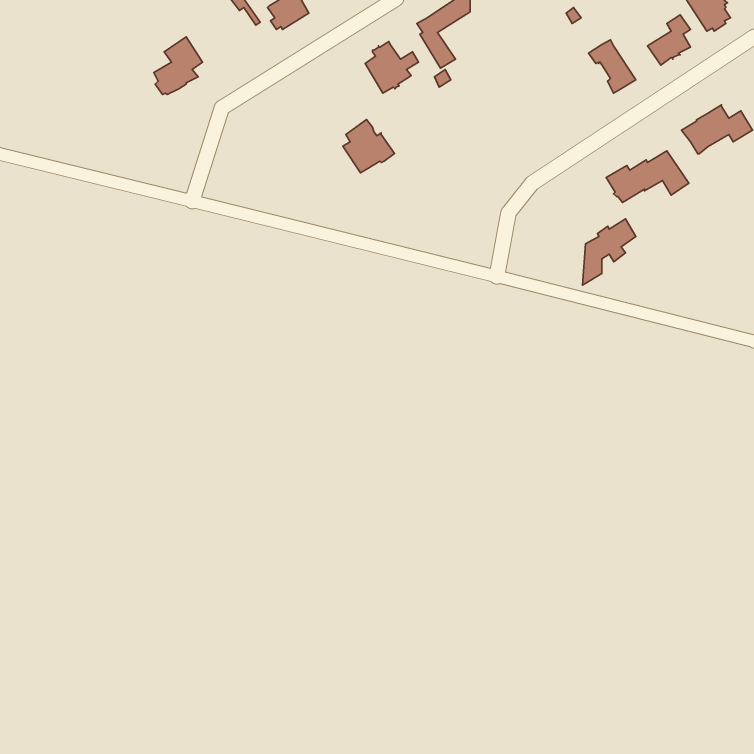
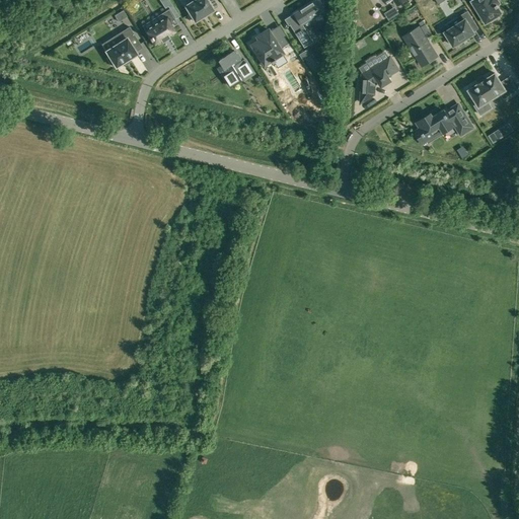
building: none -> [145,8,174,43]
building: [343,120,395,173] -> [217,49,252,85]
building: [583,219,636,285] -> [360,56,396,101]

